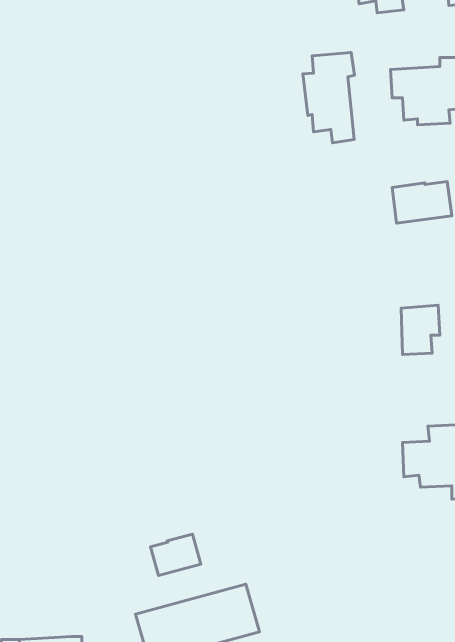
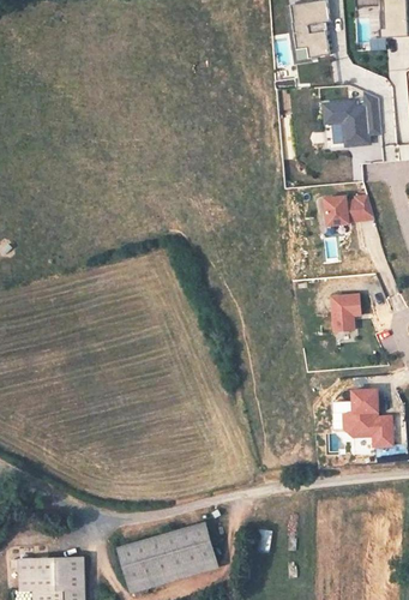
building: [303,52,355,143] -> none
building: [151,534,201,576] -> none

